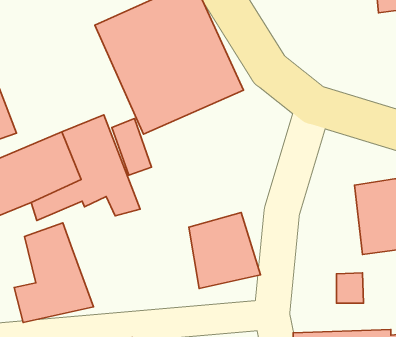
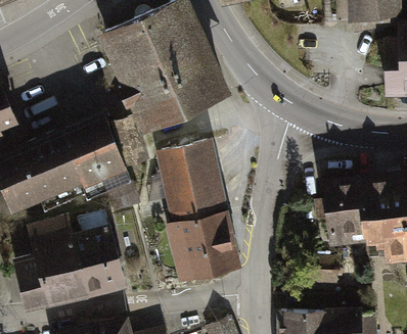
building: none -> [162,139,226,218]
building: none -> [74,218,130,289]

